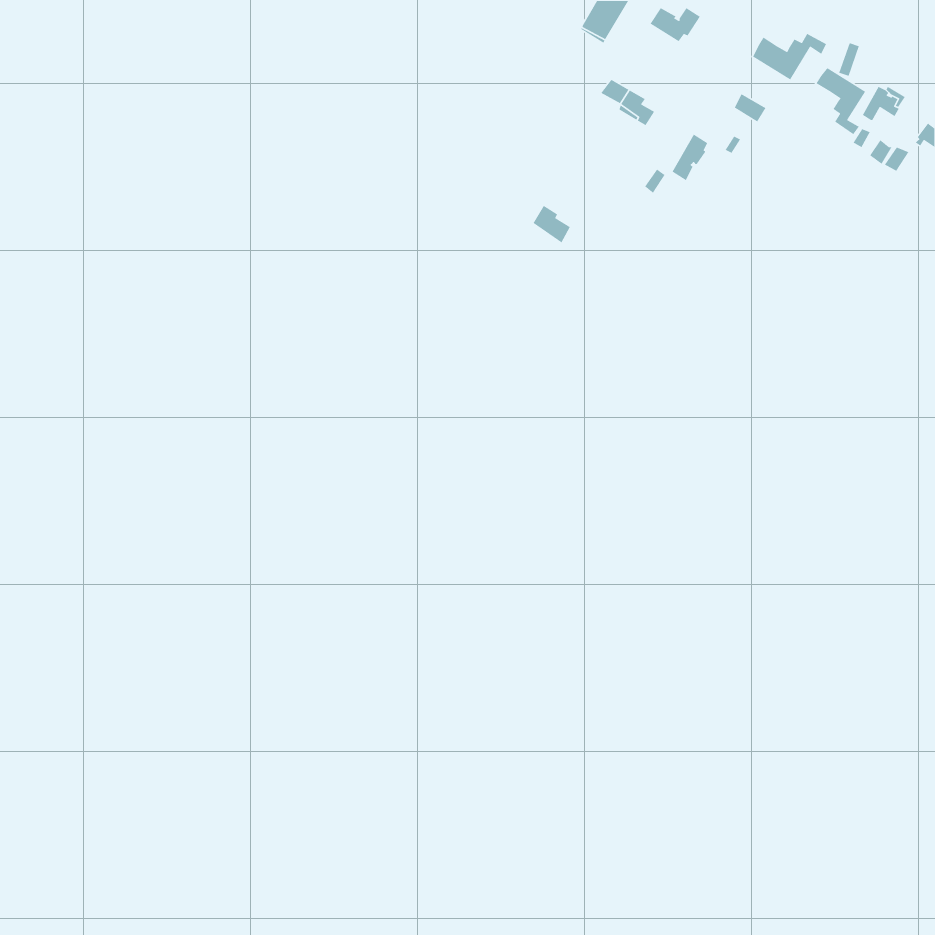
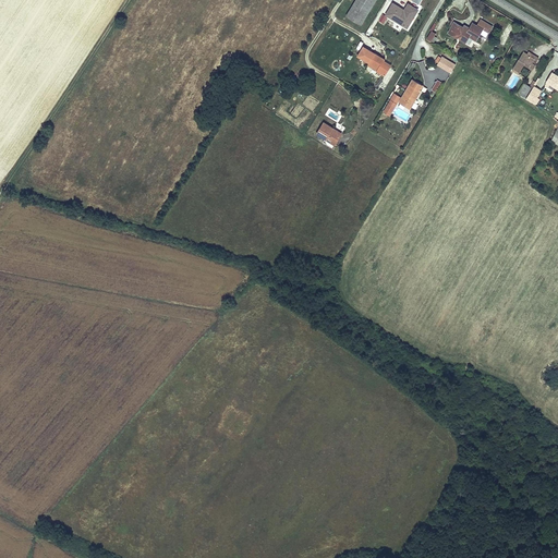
building: [815,67,866,135] -> none

